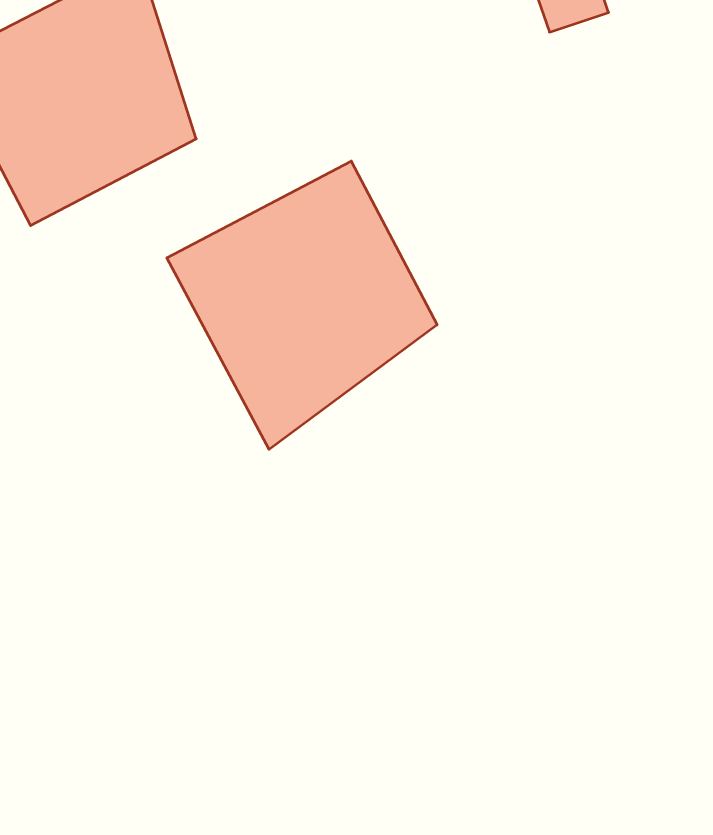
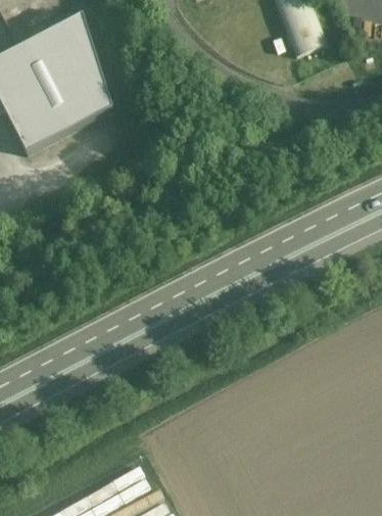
building: [167,161,437,449] -> none

